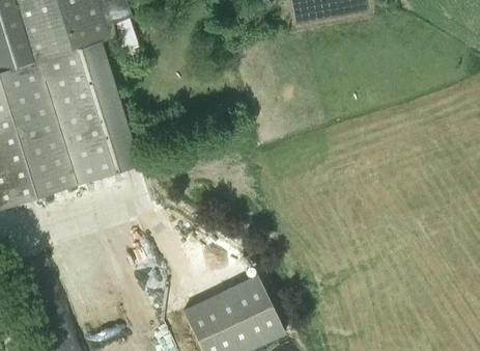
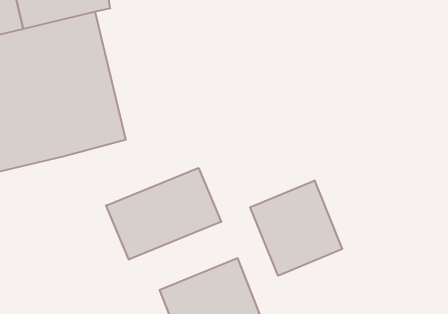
building: none -> [106,168,221,260]
building: none -> [250,180,342,276]

